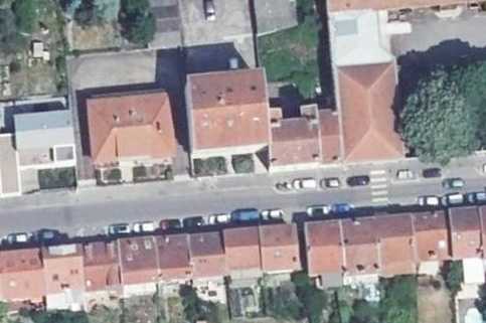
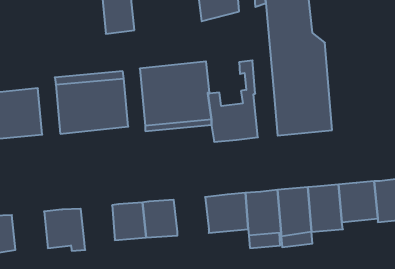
building: [313,112,340,162] -> none
building: [223,229,263,269] -> none
building: [119,239,157,282] -> none
building: [41,246,83,302] -> none

